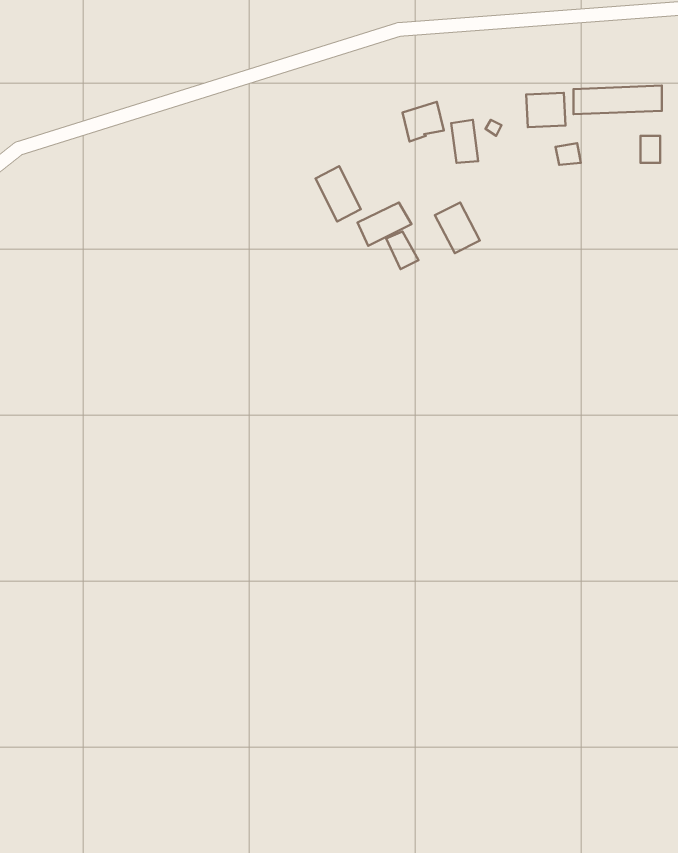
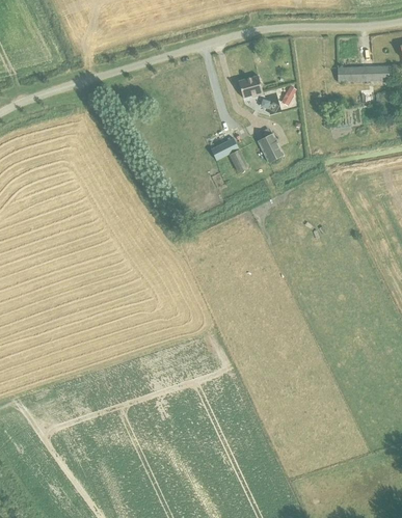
building: [526,93,566,127] -> none
building: [316,166,361,221] -> none

